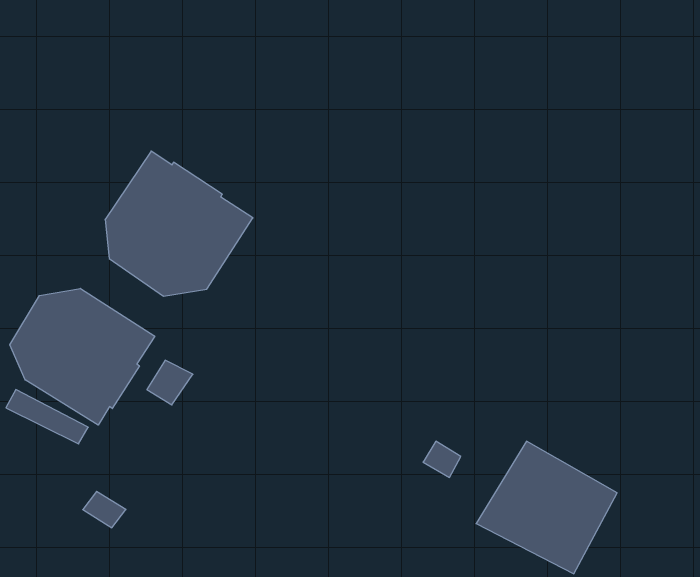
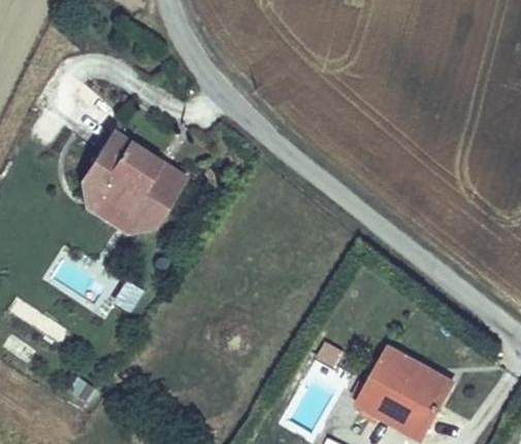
building: [10,288,155,425] -> none

